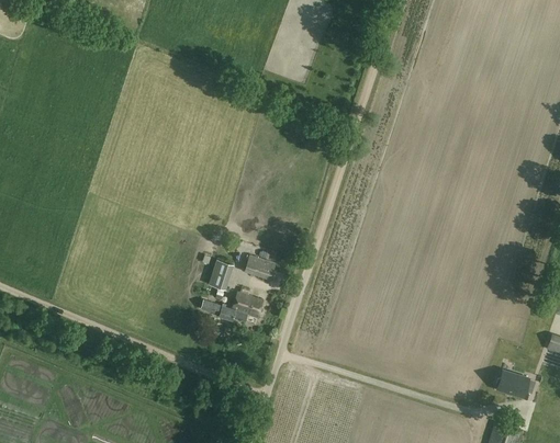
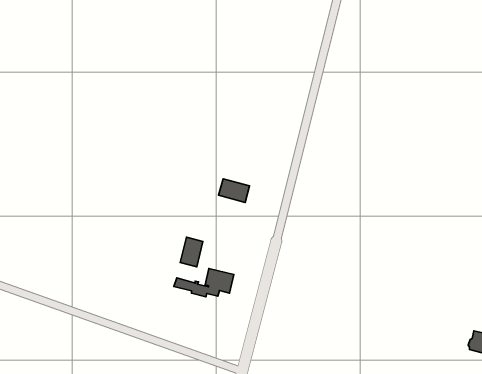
building: [245,255,277,281] -> [219,179,250,202]

